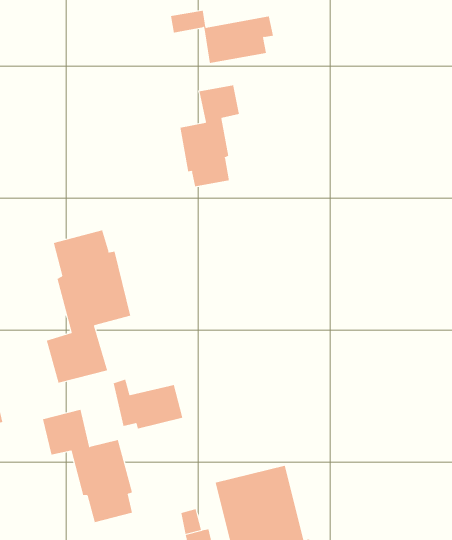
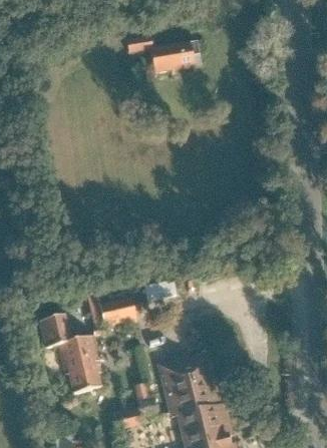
building: [180,85,239,187] -> none
building: [46,230,131,384] -> none

